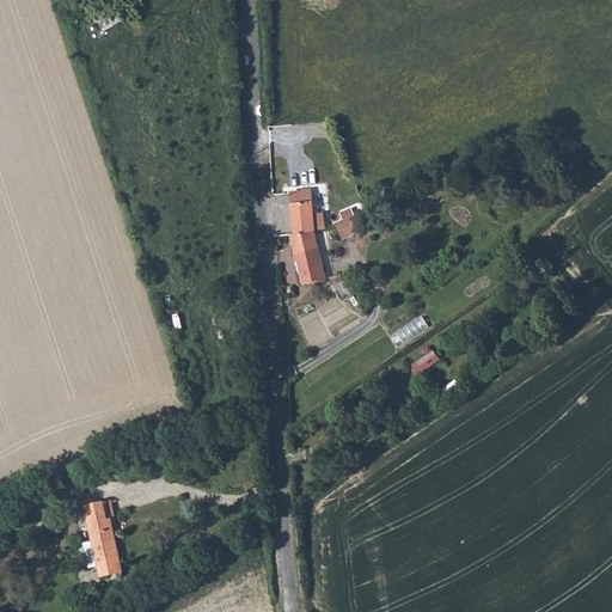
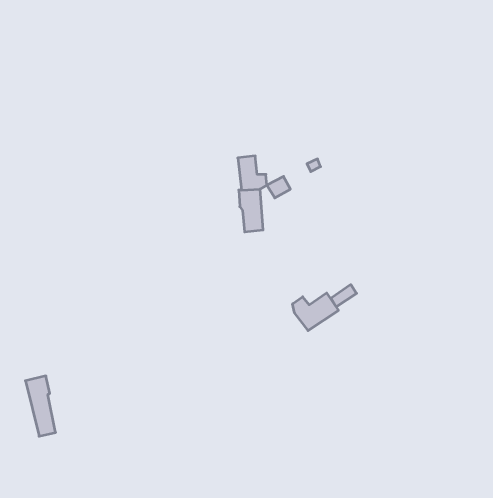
building: none -> [293,293,338,331]
building: [80,497,117,571] -> [25,376,56,436]

